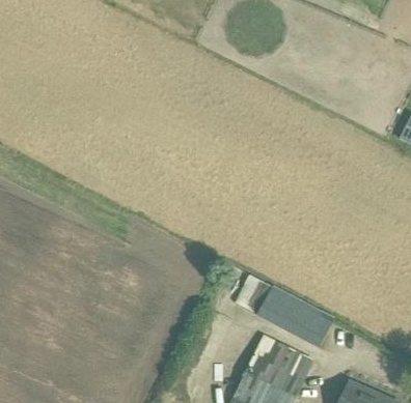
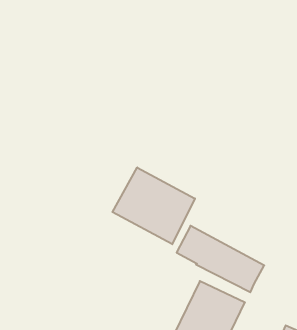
building: none -> [112,167,195,244]

